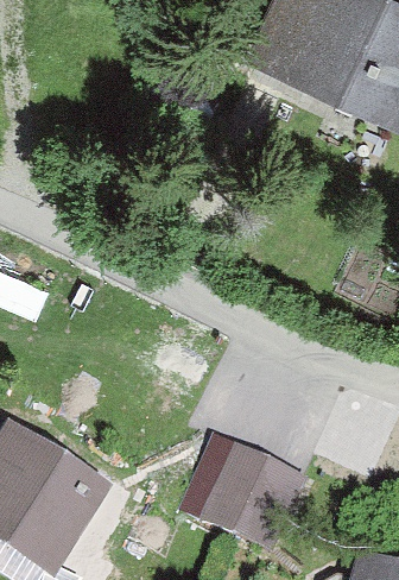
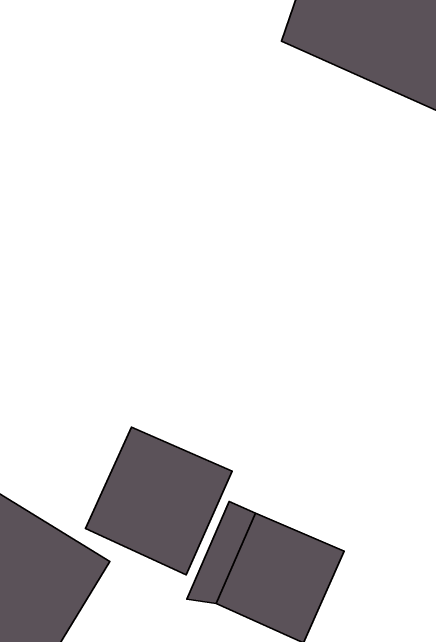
building: none -> [86,427,232,575]

